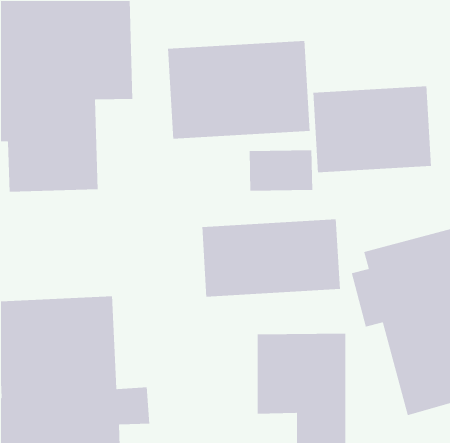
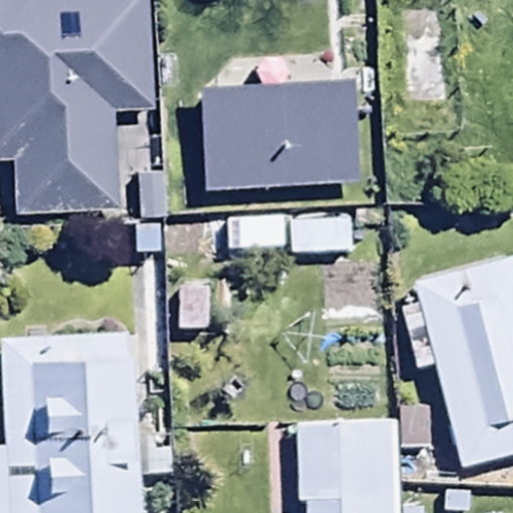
building: [313,85,432,173] -> none
building: [201,219,341,297] -> none

